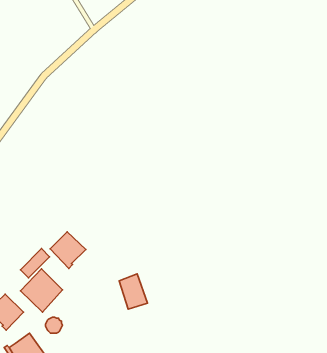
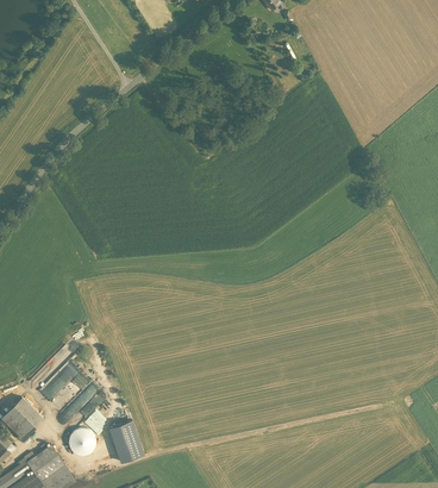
building: [50,232,86,268] -> none
building: [119,274,147,309] -> [110,420,143,462]

